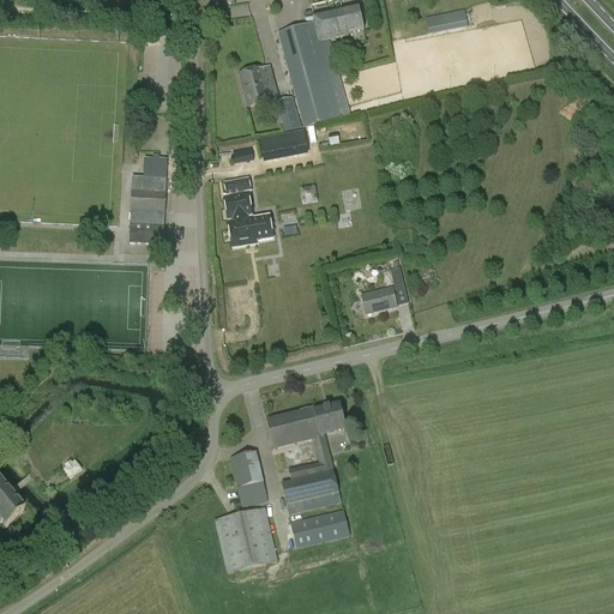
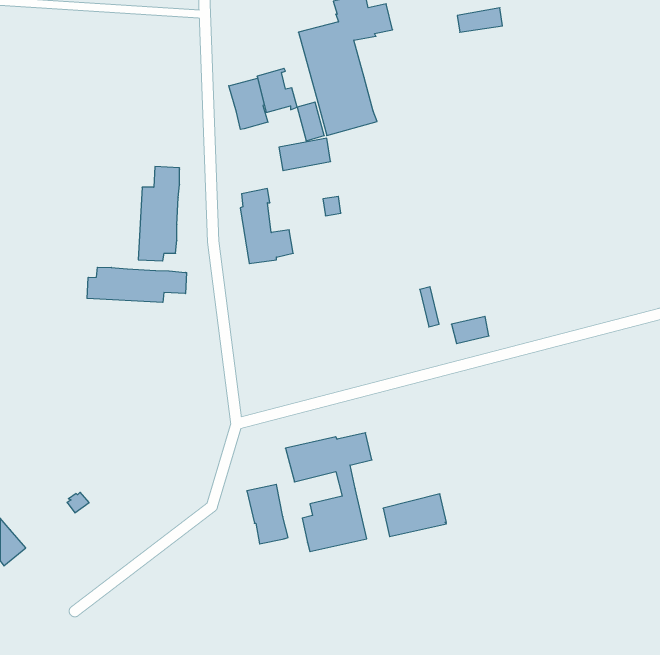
building: none -> [229,78,268,129]
building: none -> [87,267,187,302]
building: [361,287,396,312] -> [451,316,489,344]
building: [213,506,277,572] -> none
building: [290,507,349,547] -> [383,494,446,537]

